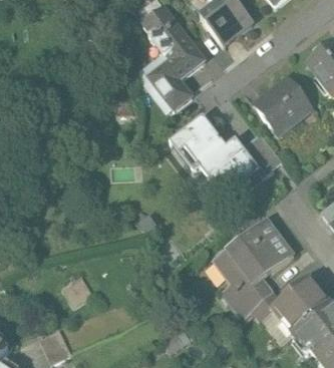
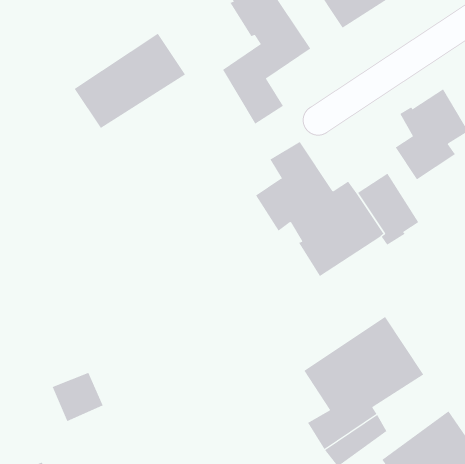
building: none -> [74,33,186,129]

